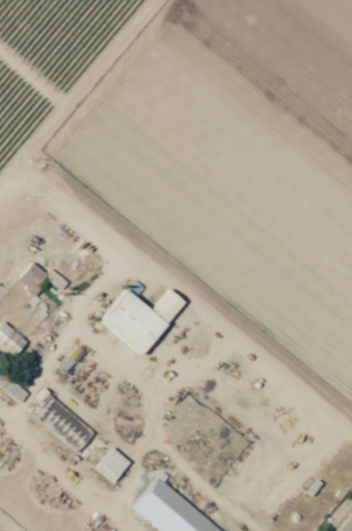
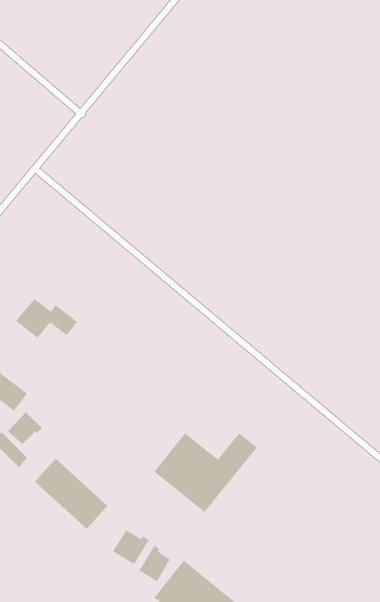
building: [100,289,186,356] -> [153,432,258,513]
building: none -> [7,412,43,445]
building: none -> [138,545,171,582]

